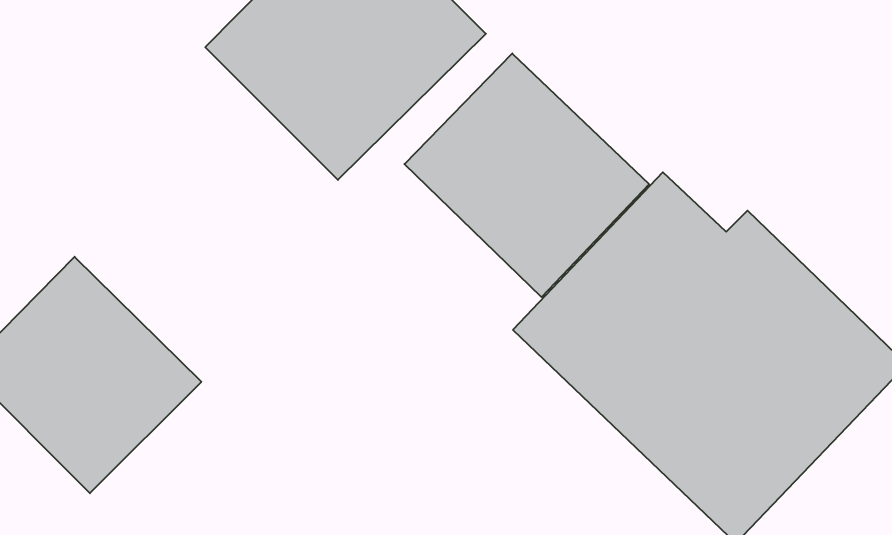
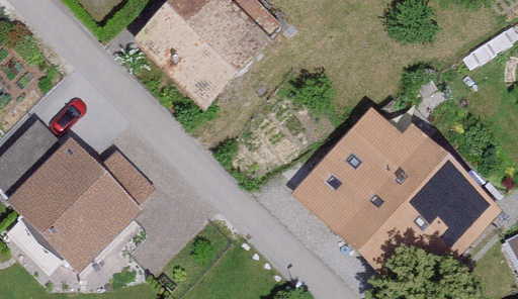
building: [404,53,649,297] -> none

